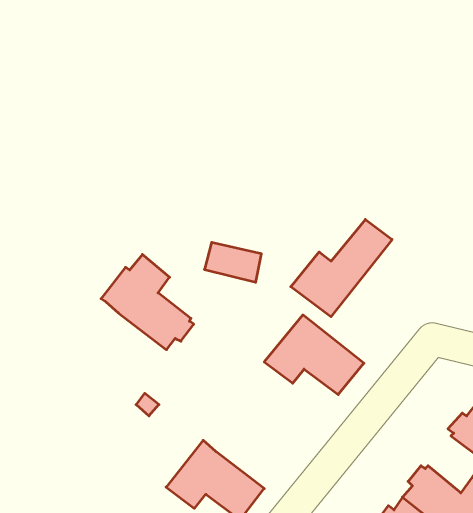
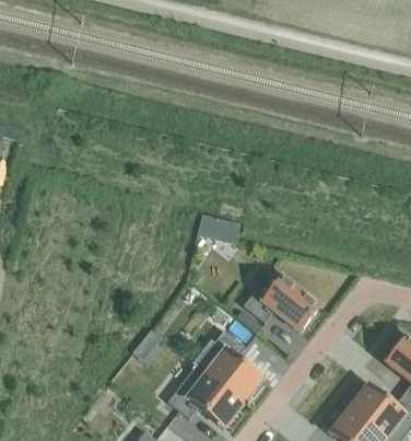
building: [291,219,392,317] -> none
building: [101,254,194,350] -> [193,330,265,404]

